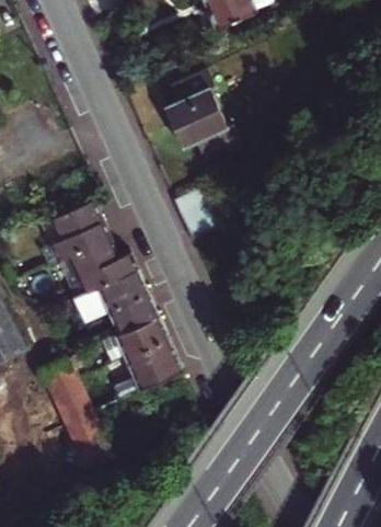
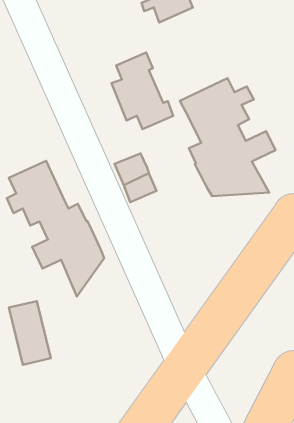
building: none -> [180,78,276,196]
building: [111,307,180,393] -> none

